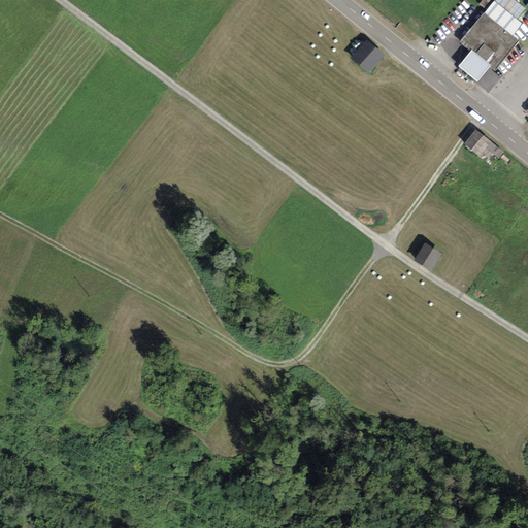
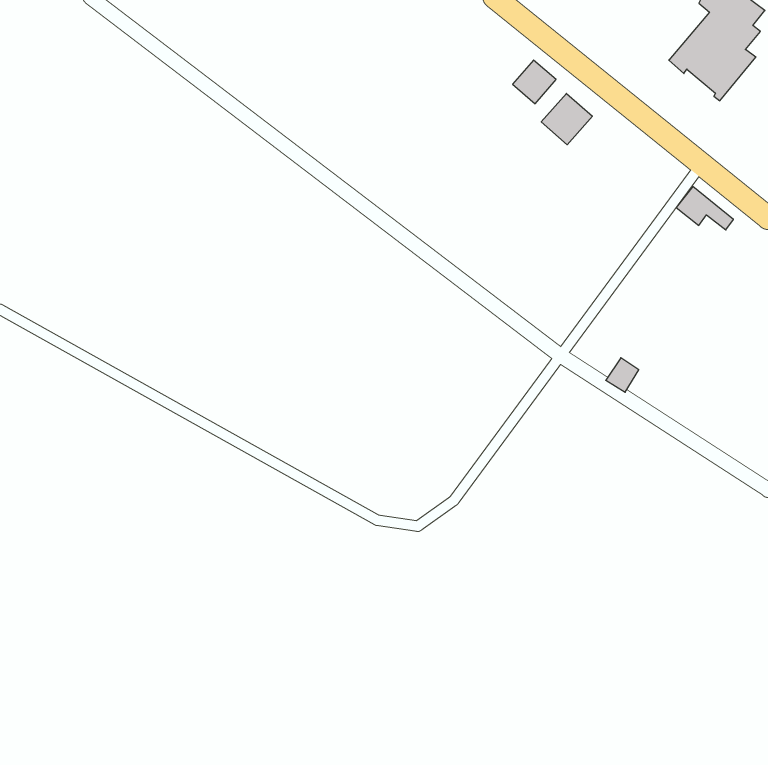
building: [458,47,491,80] -> none
building: none -> [541,93,592,145]

